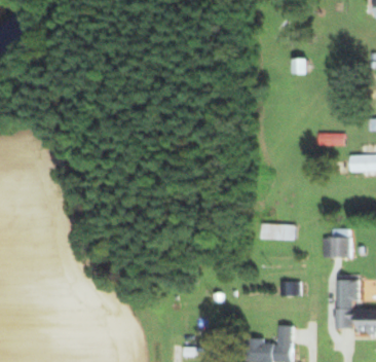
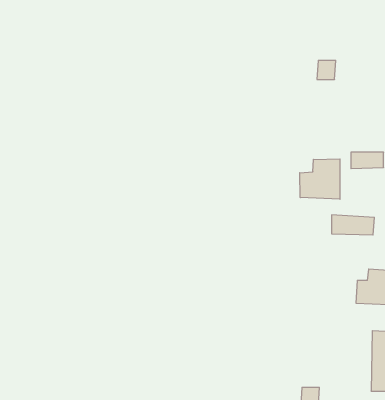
building: none -> [300,159,340,199]
building: [260,223,295,240] -> [332,215,374,235]

